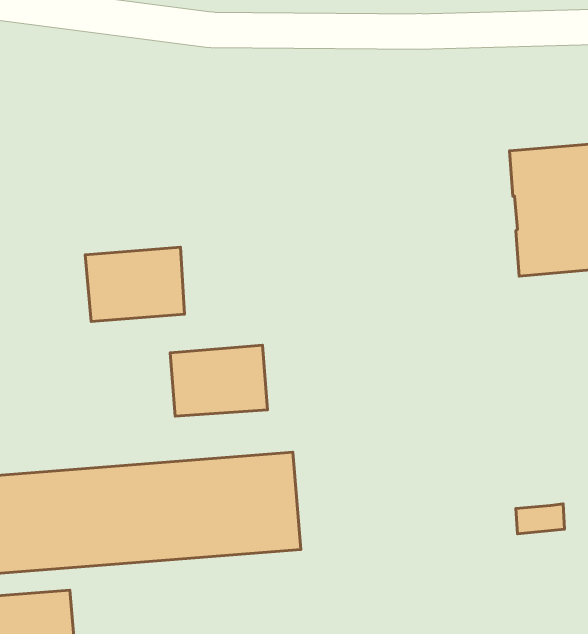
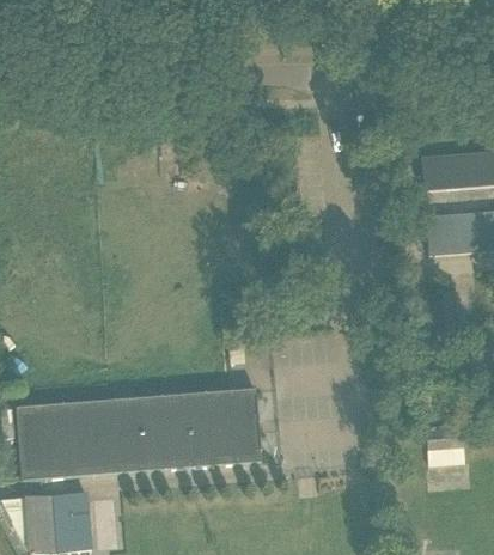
building: [85,247,184,321] -> none
building: [170,345,268,416] -> none

